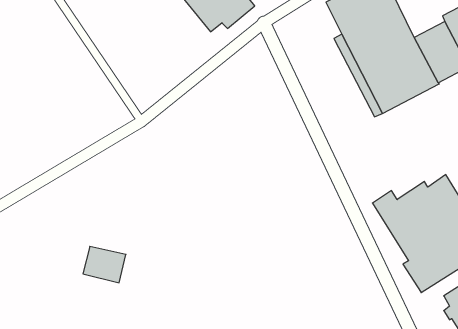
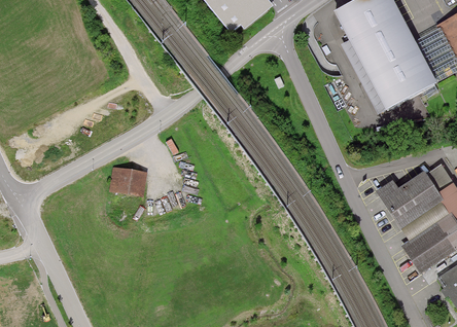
building: [83,246,126,283] -> [109,166,148,198]

